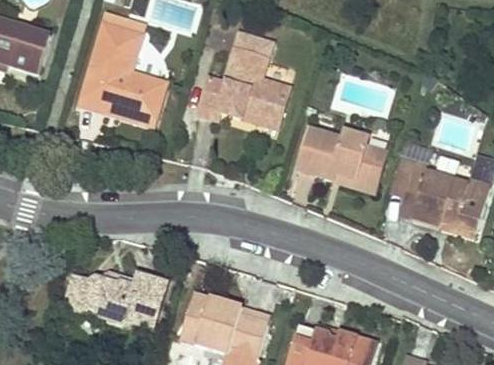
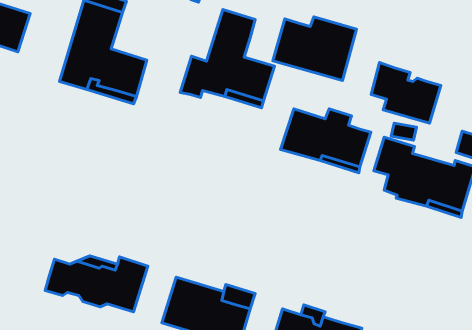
building: none -> [273,17,357,80]
building: none -> [371,63,441,123]

